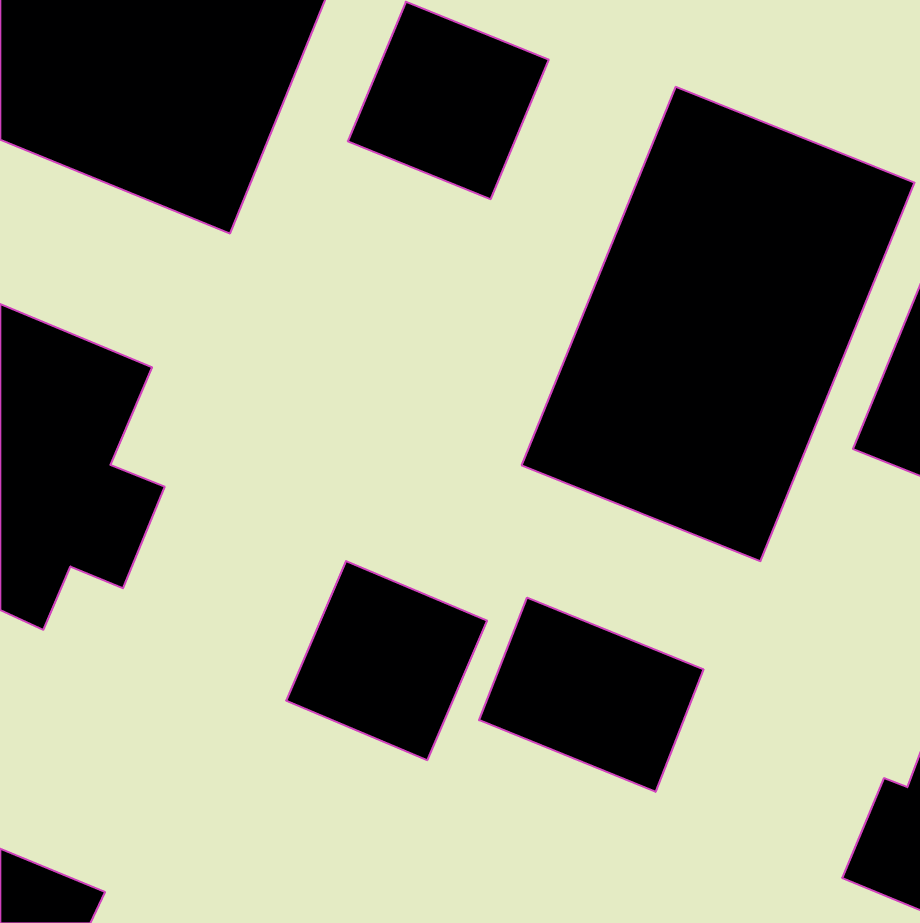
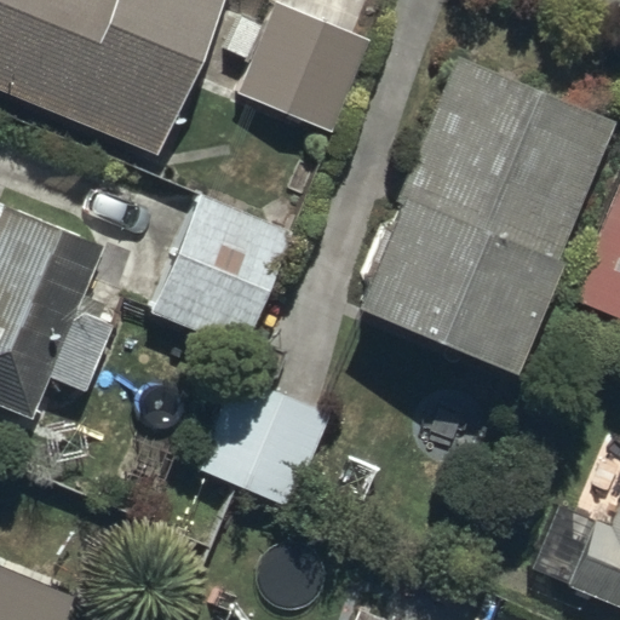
building: none -> [149,194,292,352]
building: [479,598,703,792] -> none

